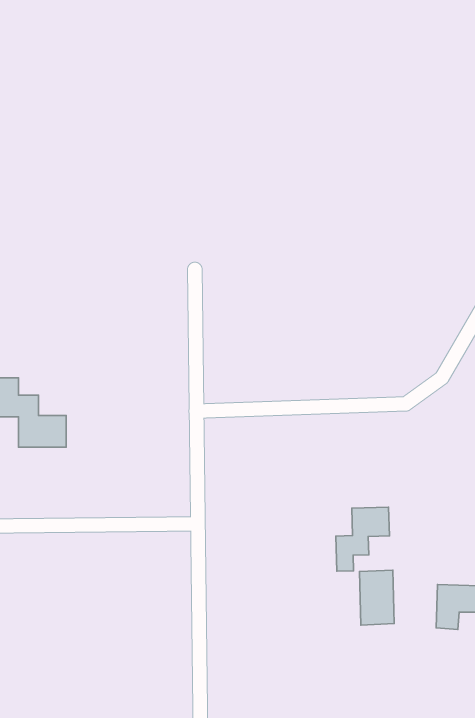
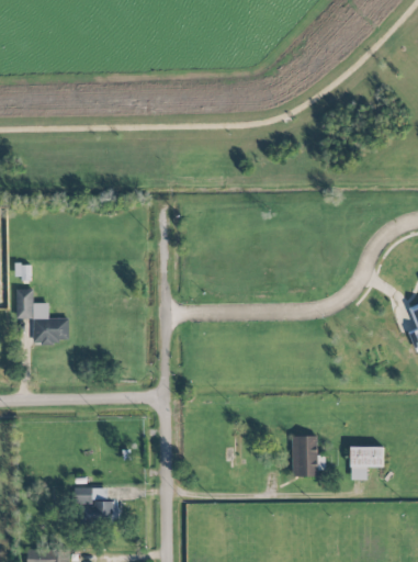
building: [336,507,389,571] -> none
building: none -> [77,486,114,520]

